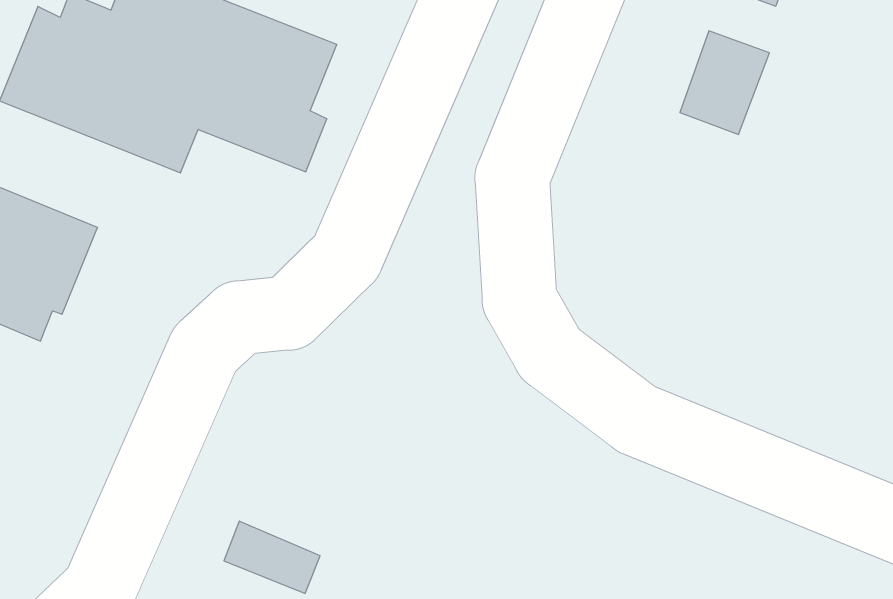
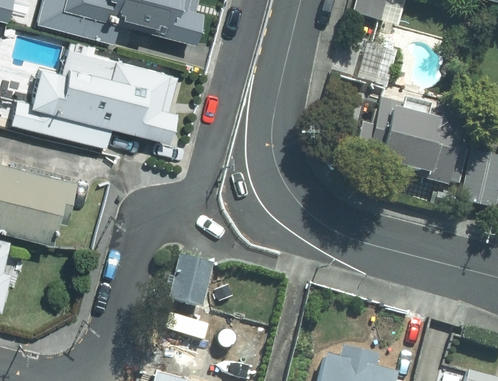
building: none -> [371,97,457,184]
building: none -> [165,252,214,312]

